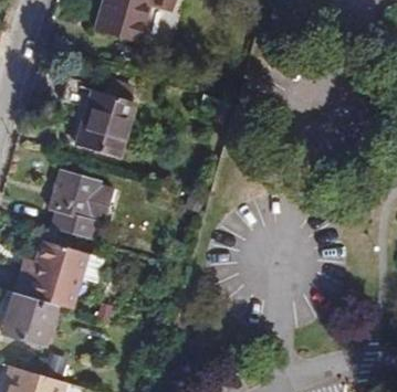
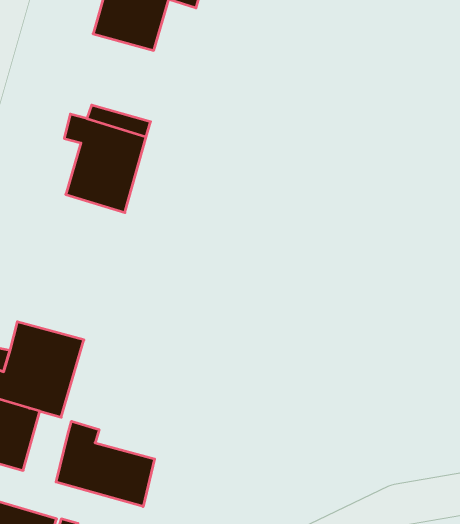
building: [49,173,115,241] -> none
building: none -> [56,421,155,507]

